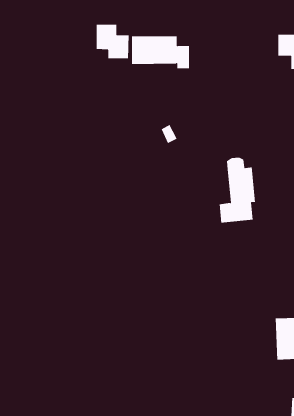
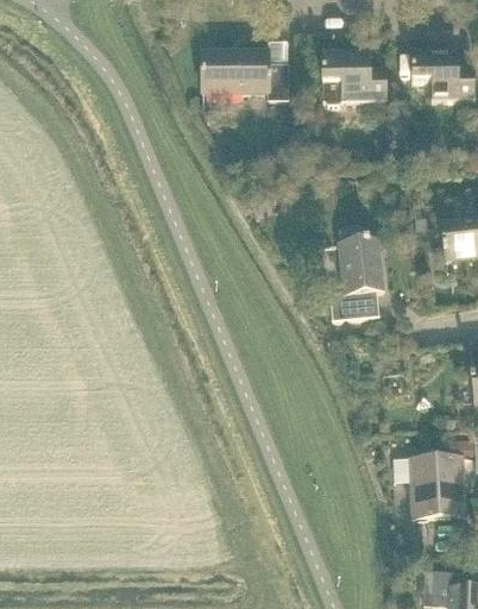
building: [96,24,129,59] -> none
building: none -> [325,51,388,106]

